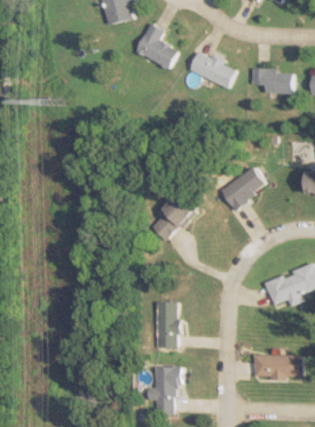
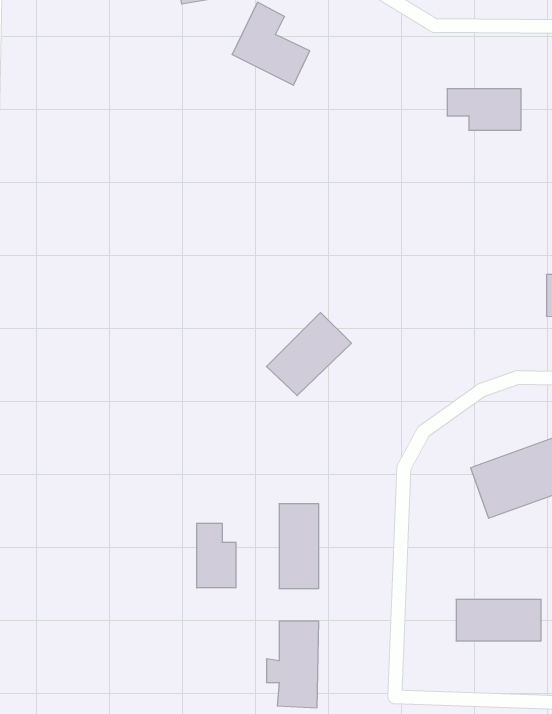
building: [187,52,234,86] -> none
building: [220,166,266,209] -> none
building: none -> [197,523,236,588]

